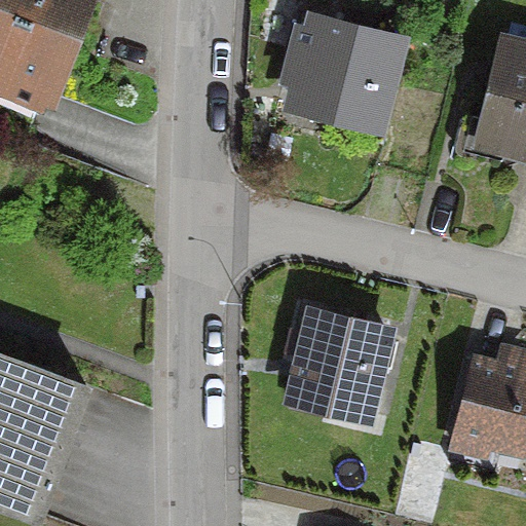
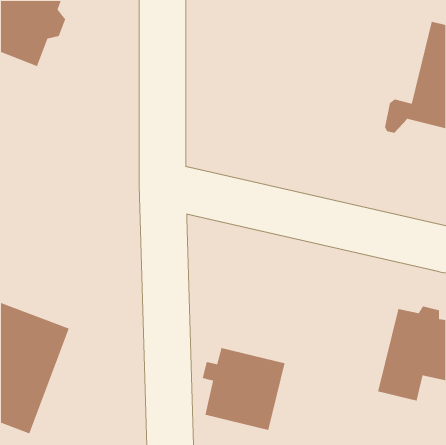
building: [281,20,394,126] -> none
building: [285,315,383,414] -> [202,347,286,431]

